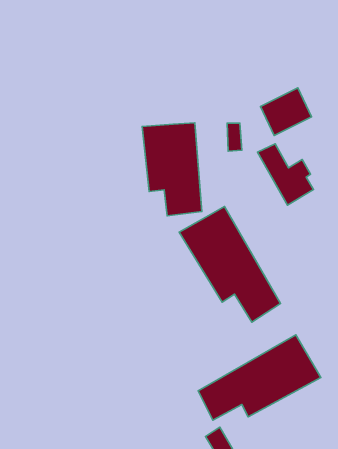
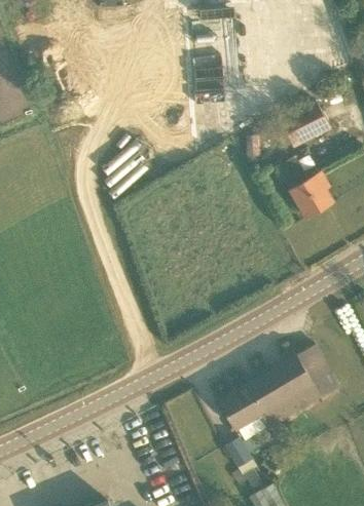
building: [142,123,202,216] -> none
building: [179,207,280,322] -> none

